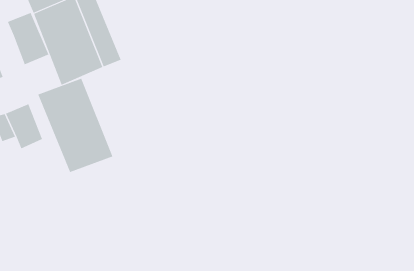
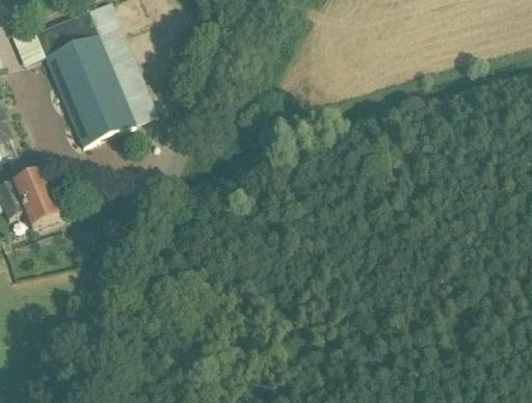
building: [7,12,49,65] -> none
building: [37,78,113,173] -> none

